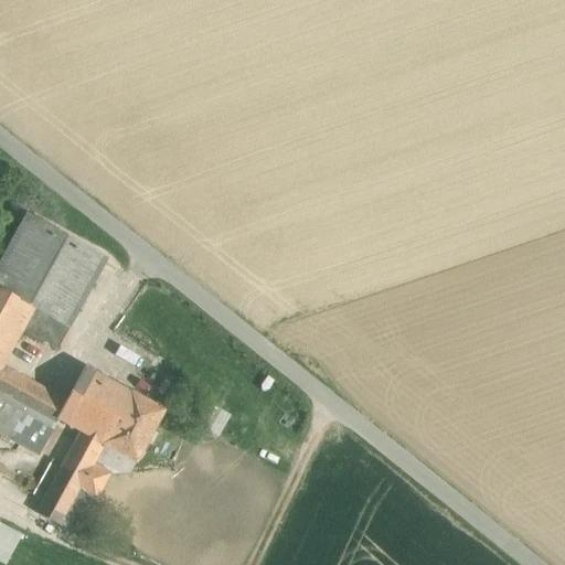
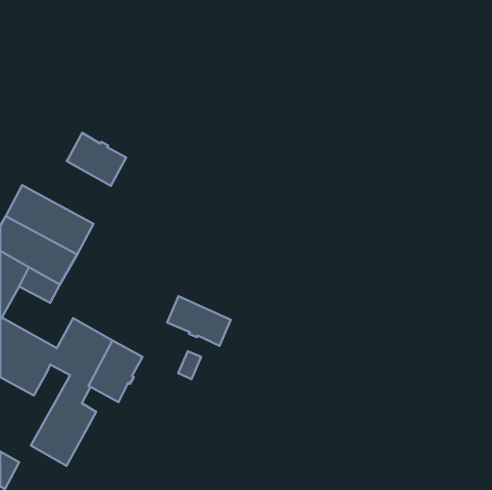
building: none -> [67,133,126,186]
building: none -> [167,296,231,346]

